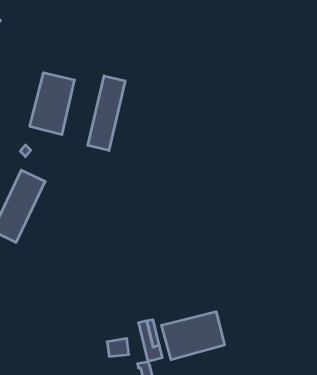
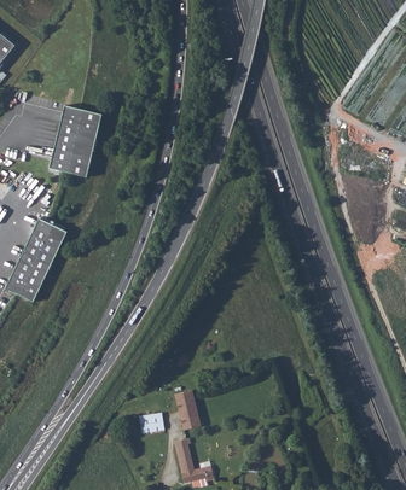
building: [88,76,125,151] -> none
building: [162,312,224,360] -> none

